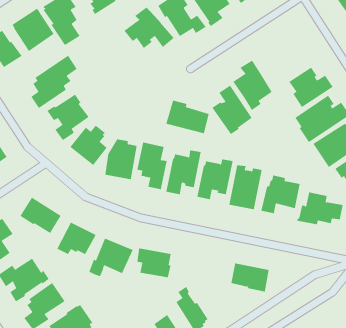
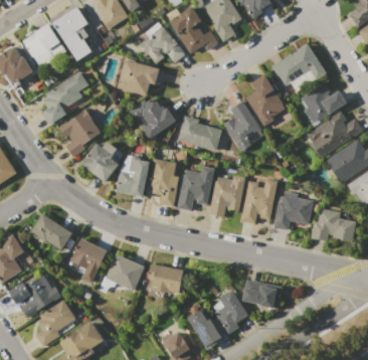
building: none -> [271,43,326,86]
building: none -> [117,57,159,95]
building: none -> [129,97,178,139]
building: none -> [212,290,248,334]

